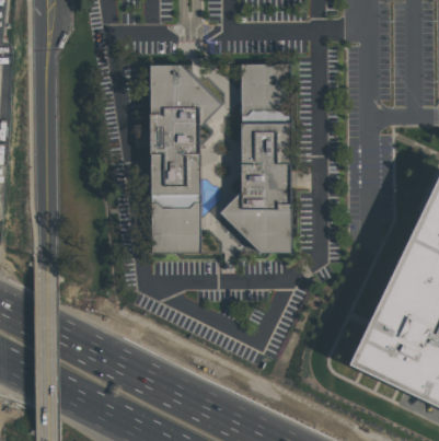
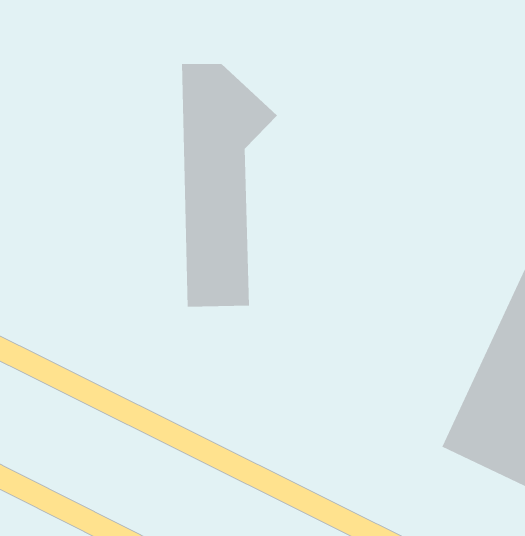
building: [218,66,293,256] -> none

